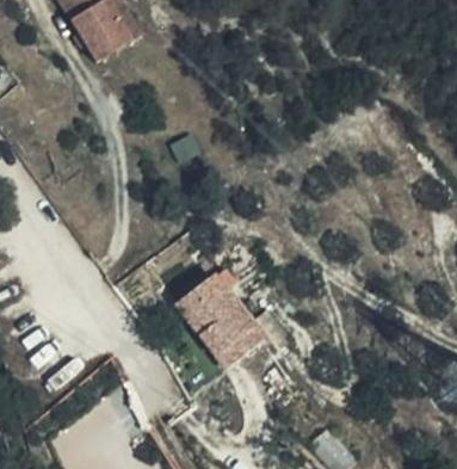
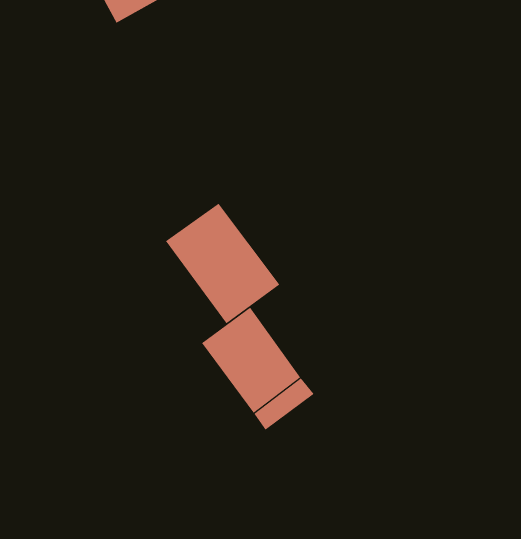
building: none -> [165,203,280,324]

